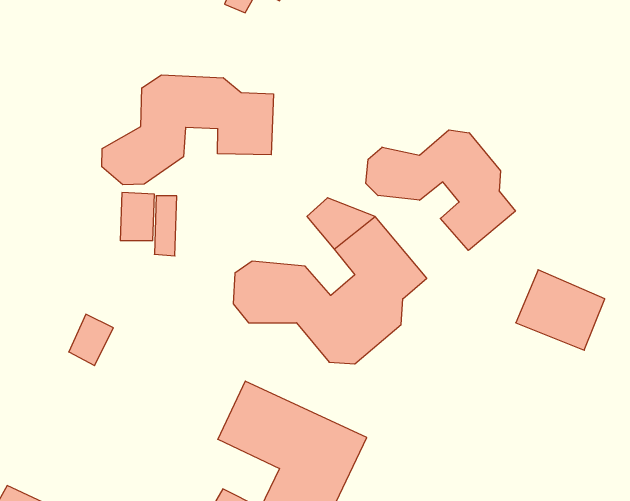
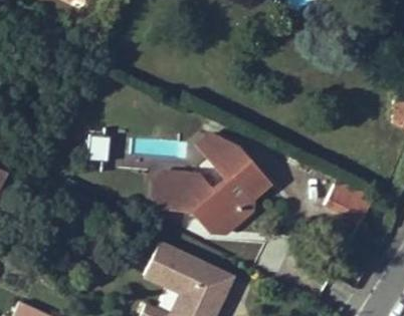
building: [102,75,273,185] -> none
building: [366,130,515,250] -> none

